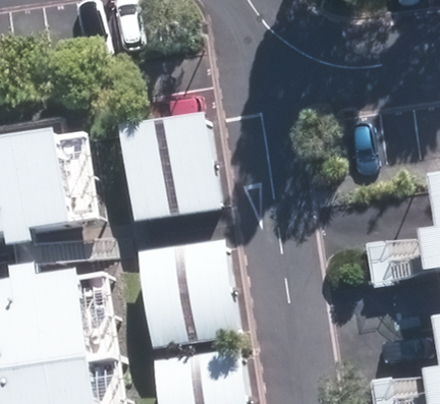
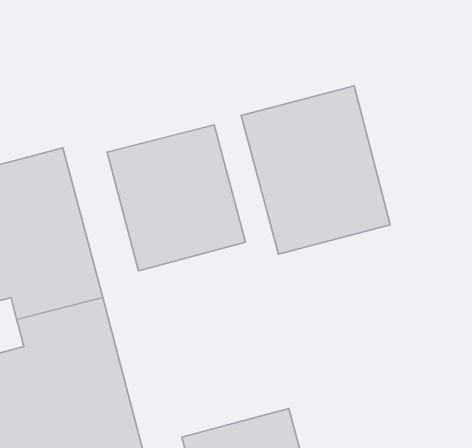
building: none -> [241,86,390,254]
building: [136,243,235,354] -> none

